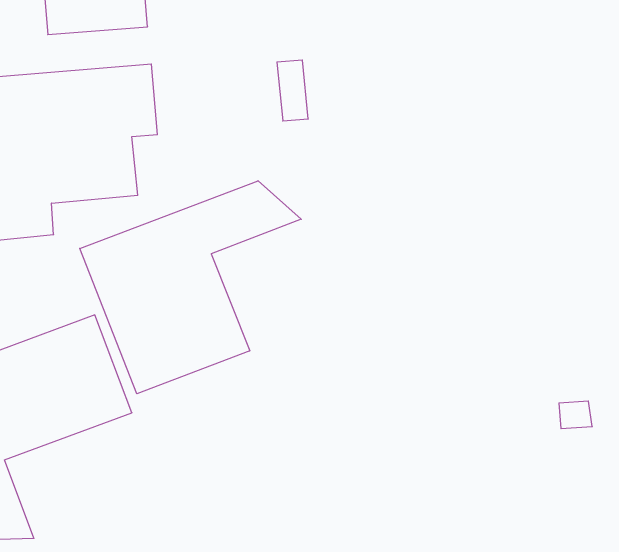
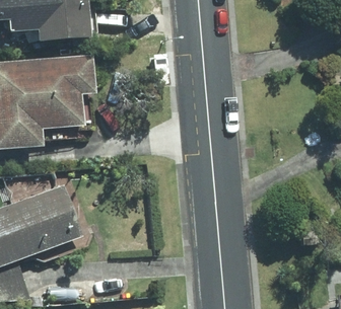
building: [80,181,301,394] -> none

